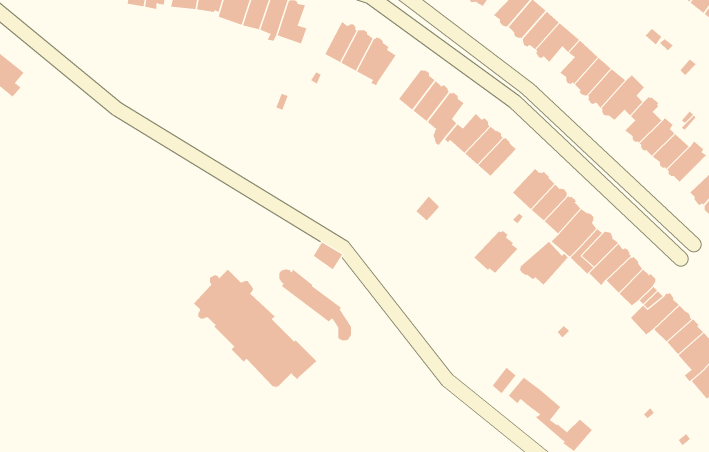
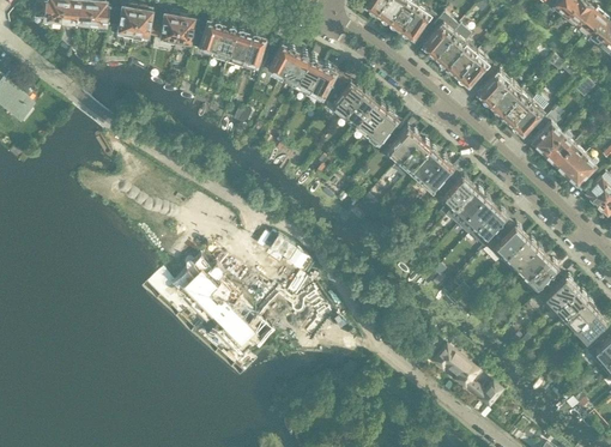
building: none -> [262,43,296,78]
building: none -> [326,79,362,115]
building: [474,230,518,273] -> [419,157,456,193]
building: [519,241,569,286] -> none

